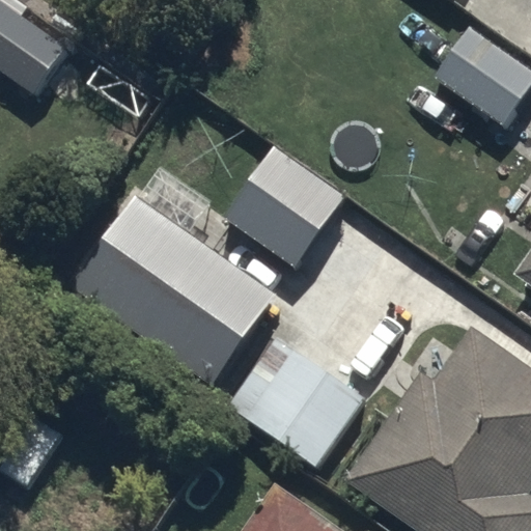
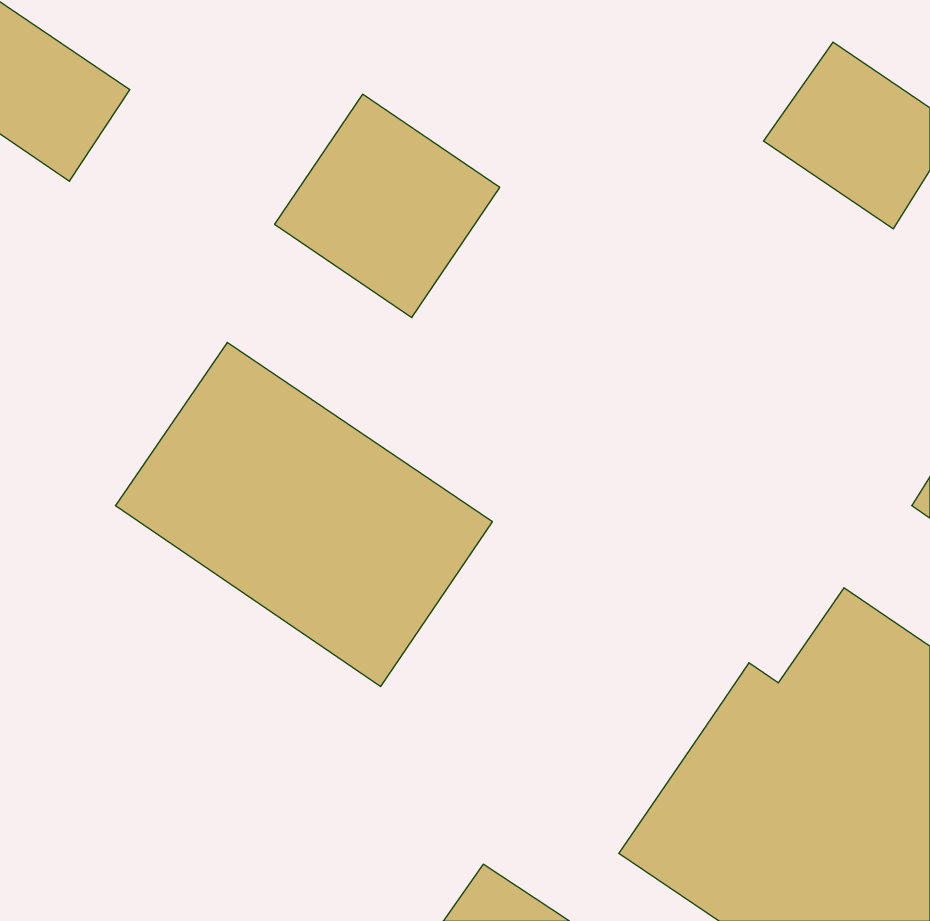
building: [224,144,352,271] -> [275,94,500,318]
building: [224,332,368,470] -> none

